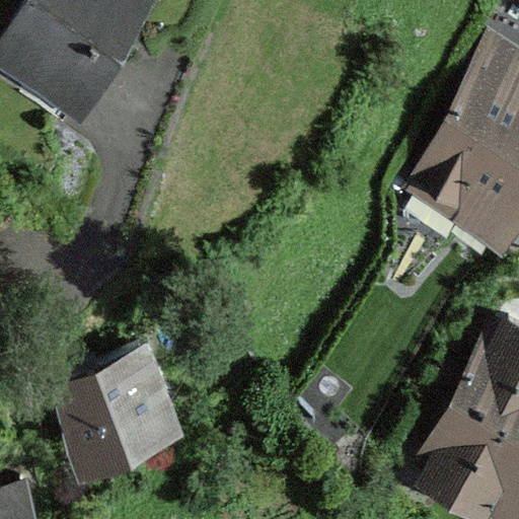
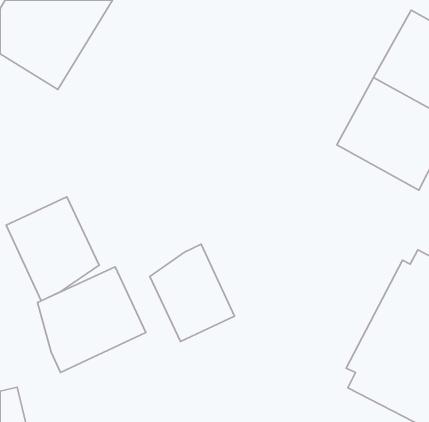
building: none -> [6,197,99,301]
building: none -> [150,244,235,342]

